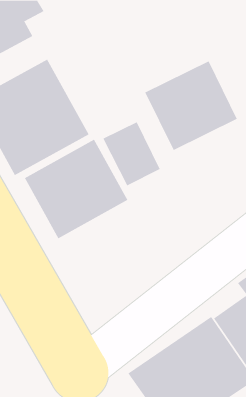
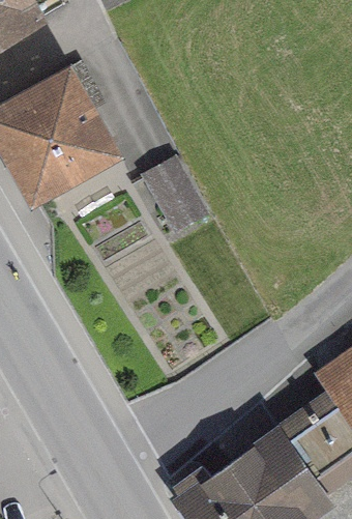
building: [145,61,238,151] -> none
building: [24,139,128,239] -> none

